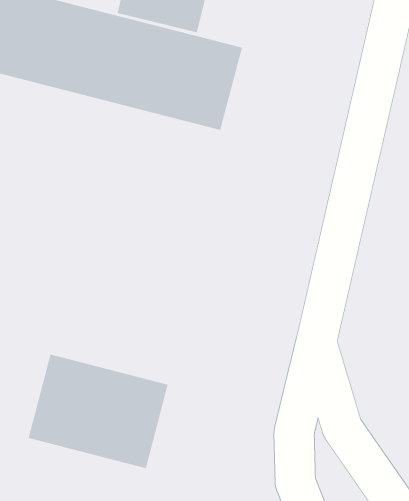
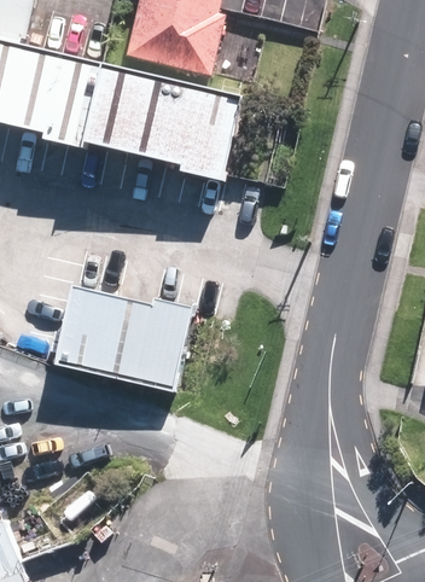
building: [28,354,169,469] -> [52,274,191,388]

